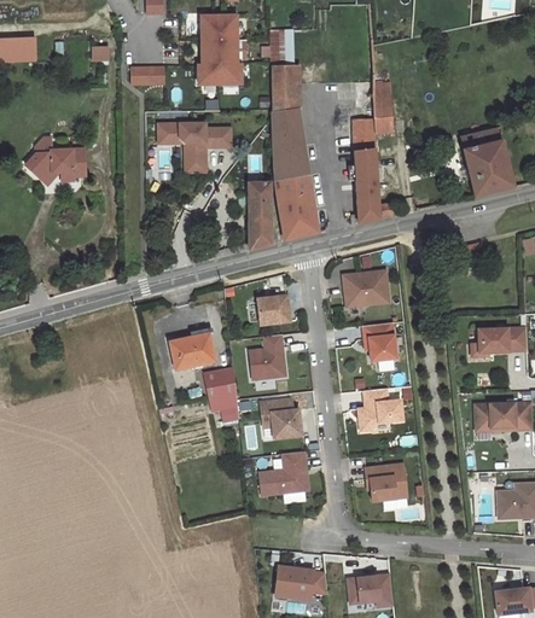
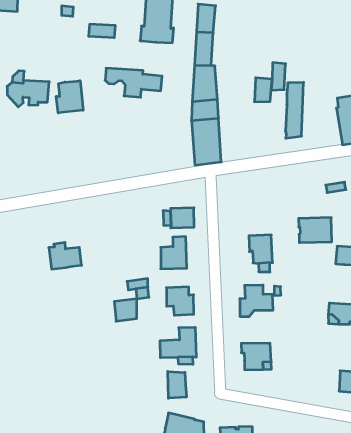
building: none -> [56,81,83,113]
building: [354,148,378,223] -> [285,82,304,138]
building: [249,183,271,249] -> none
building: [343,270,389,307] -> [299,218,332,243]
building: [169,333,214,369] -> [49,242,82,269]
building: [204,368,235,400] -> [114,299,137,321]
building: none -> [168,371,186,398]

